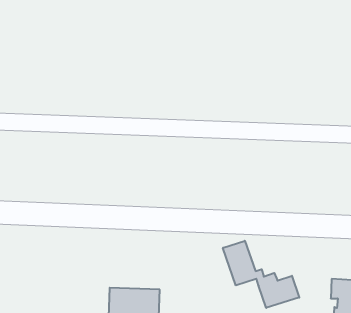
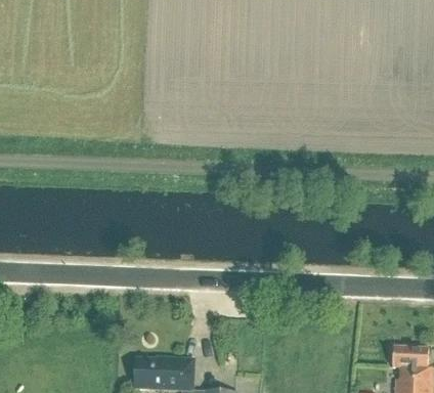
building: [223,241,299,308] -> none

